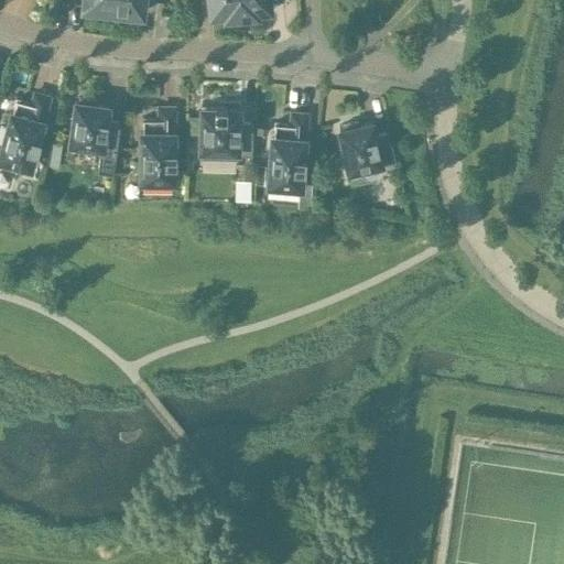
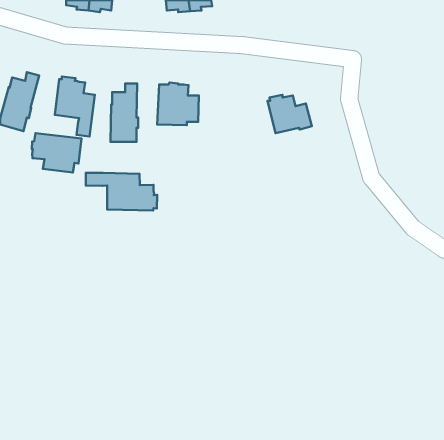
building: [268,117,306,192] -> none
building: none -> [32,133,82,173]
building: none -> [86,173,157,211]

